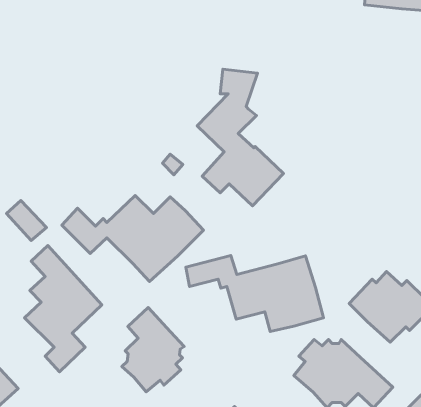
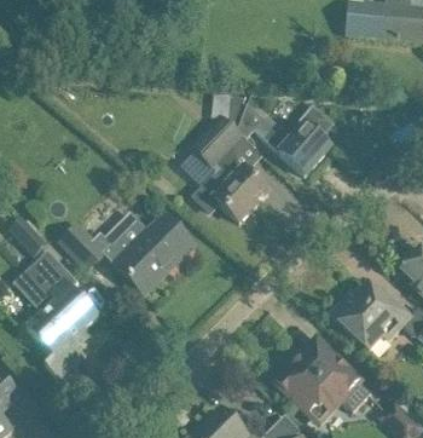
building: none -> [236,104,334,174]
building: [186,256,323,332] -> none
building: [122,308,184,392] -> none

